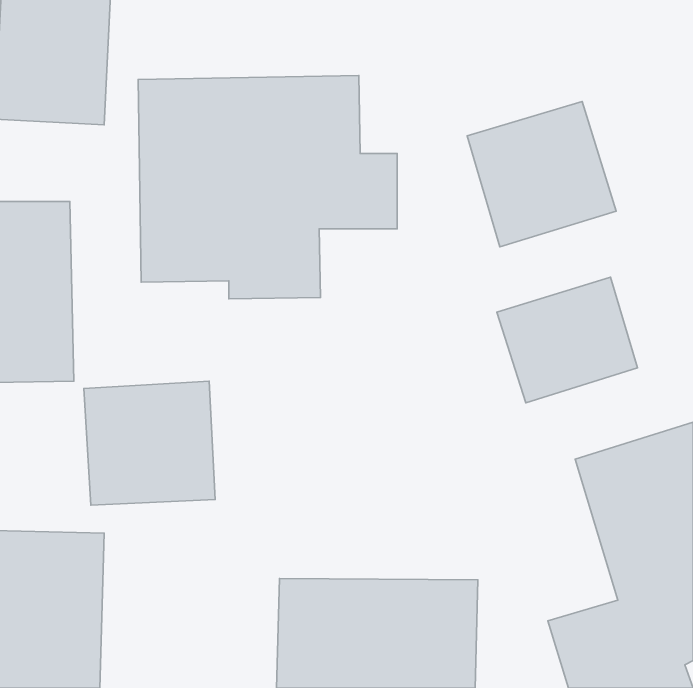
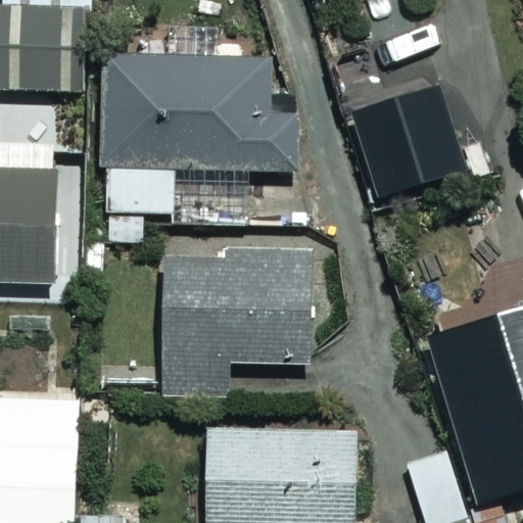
building: [497,277,638,403] -> none
building: none -> [161,254,322,394]
building: [84,381,215,505] -> none

